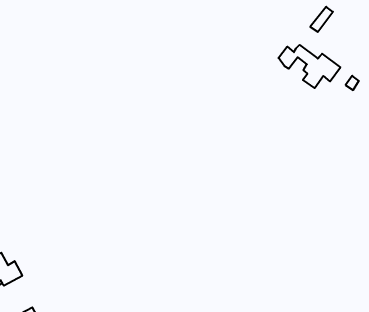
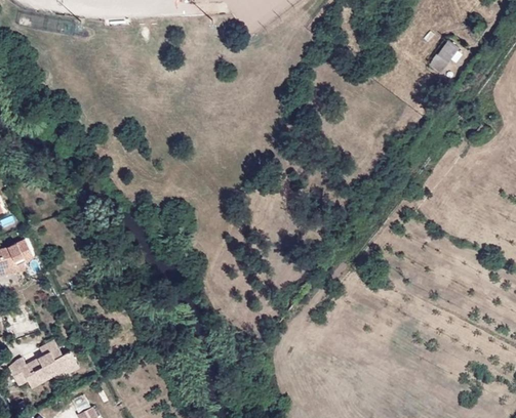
building: [278,45,340,88] -> none

